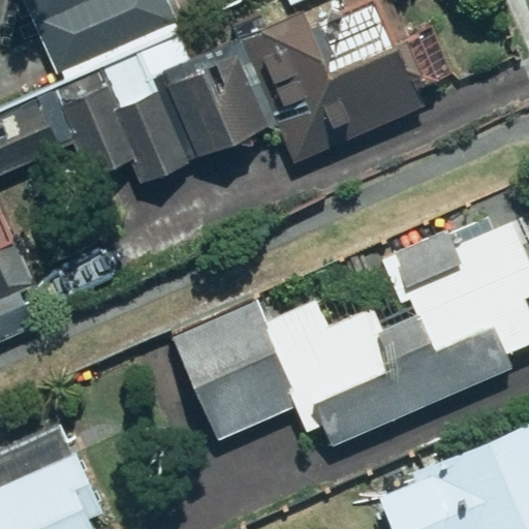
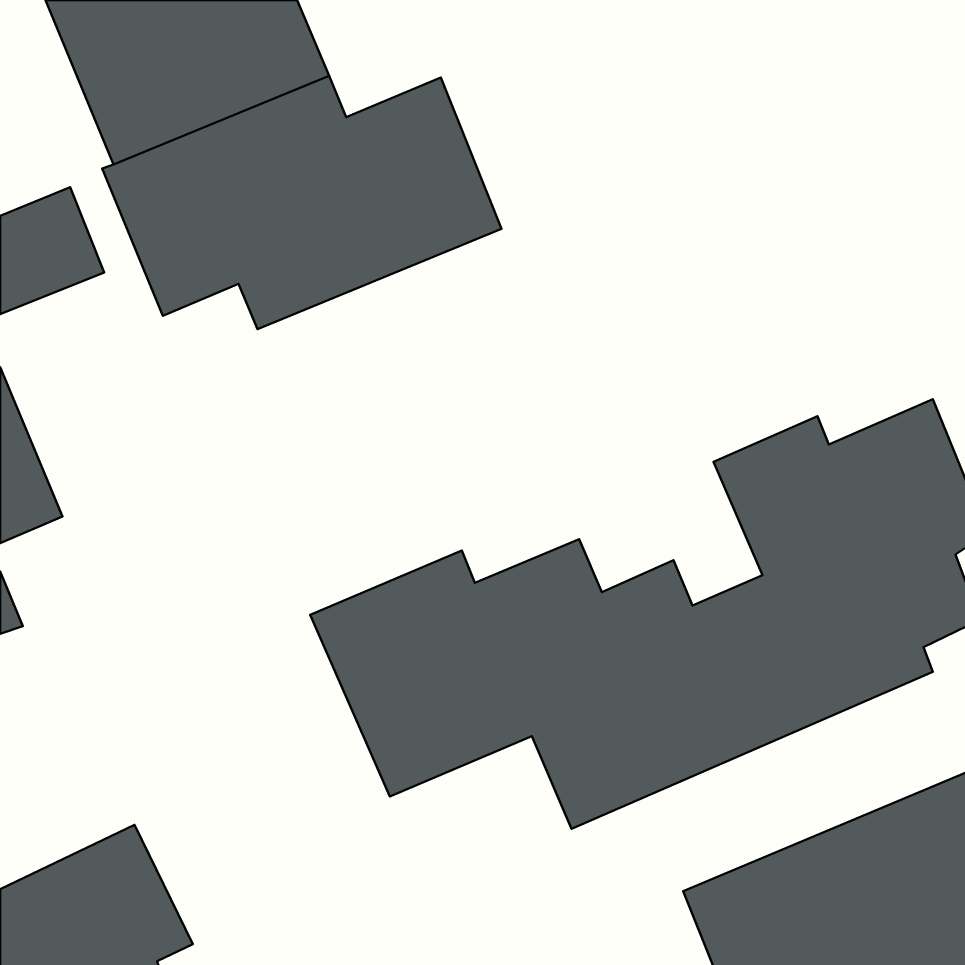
building: [242,13,448,160] -> none

